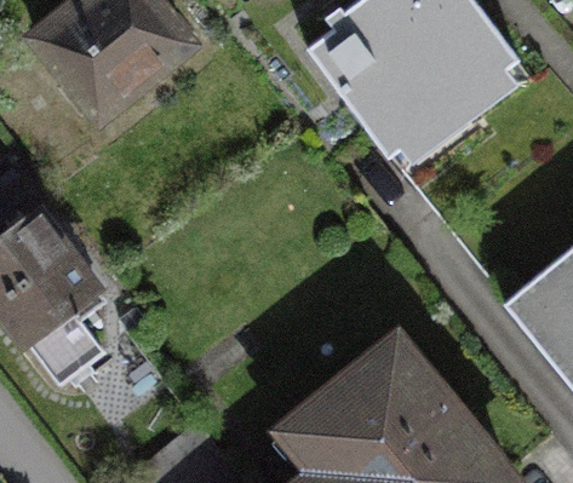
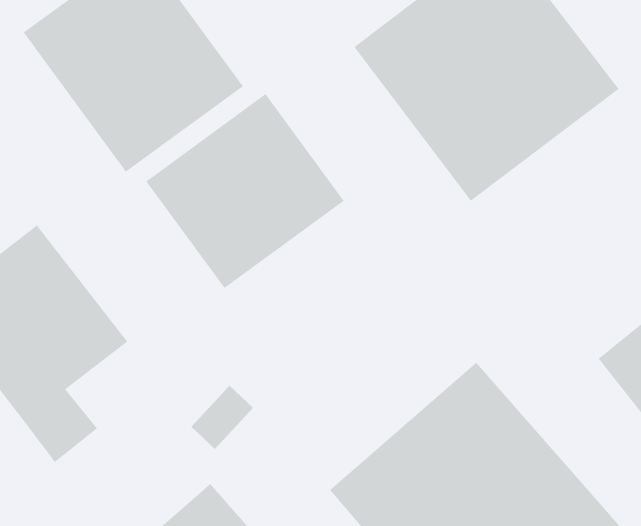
building: none -> [145,93,344,289]

